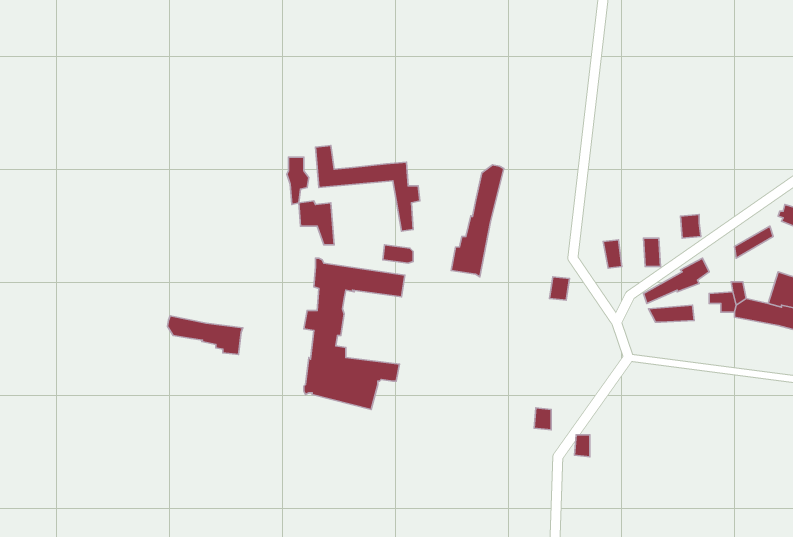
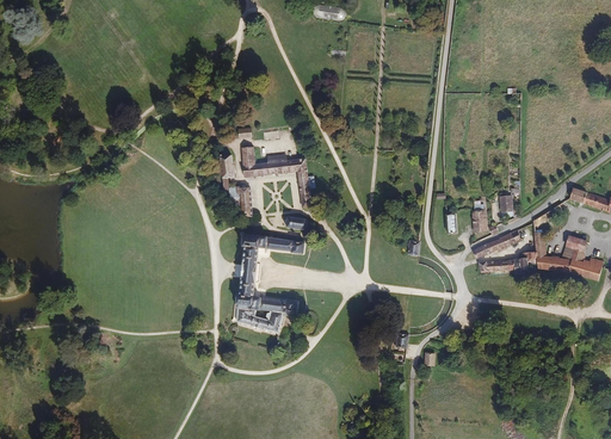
building: [451,165,504,277] -> none
building: [168,316,243,355] -> none

